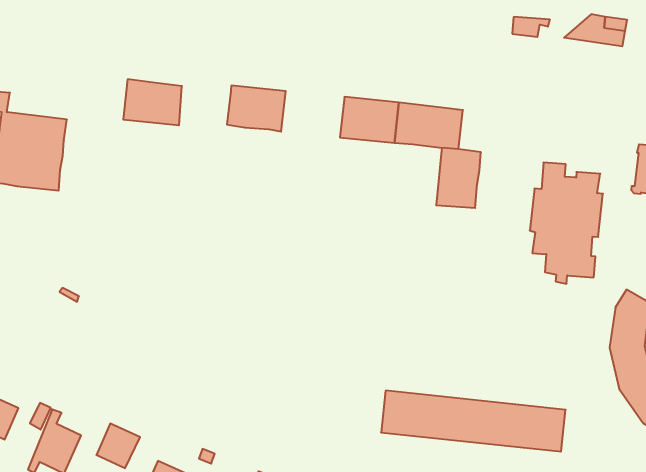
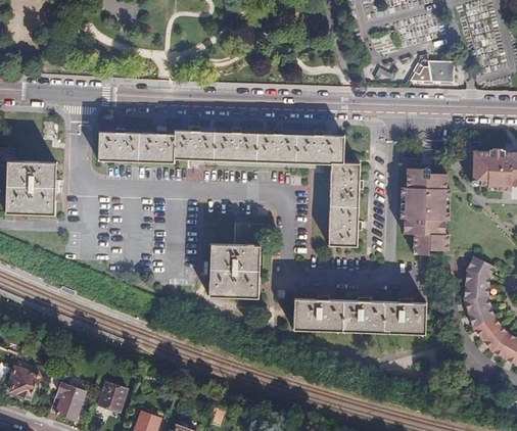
building: none -> [139,133,175,162]
building: none -> [214,131,257,161]
building: none -> [329,205,359,246]
building: none -> [208,223,261,298]
building: [381,391,566,452] -> [293,299,426,334]

